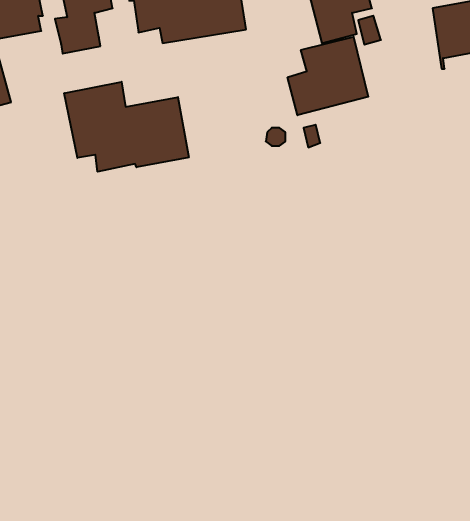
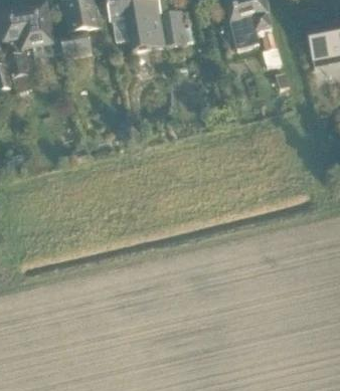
building: [288,37,368,115] -> none
building: [64,82,189,172] -> none

